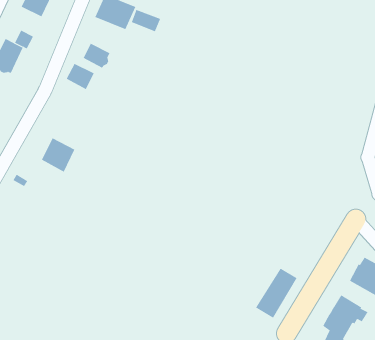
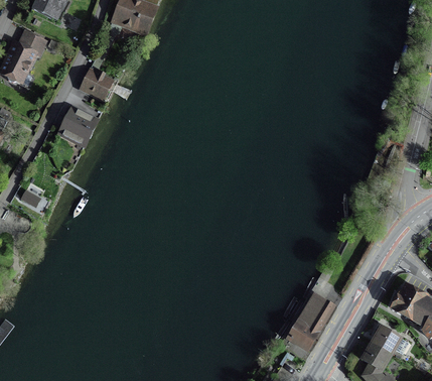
building: [131,9,161,32] -> none
building: [83,43,110,69] -> none
building: [41,138,75,173] -> [59,108,97,146]

